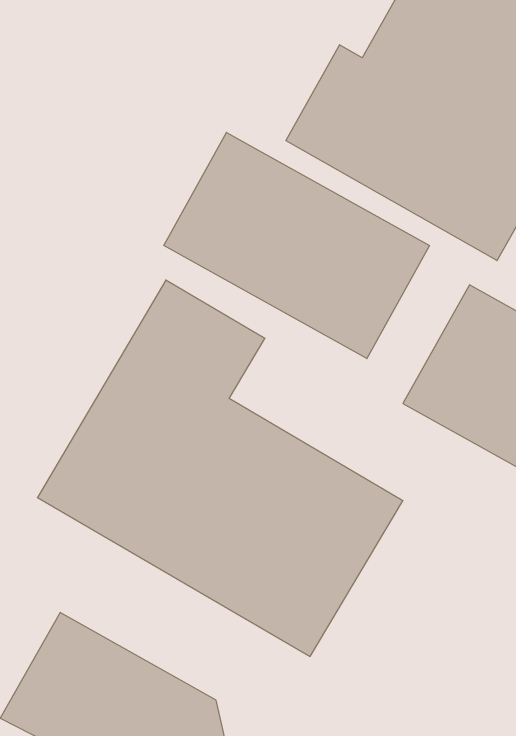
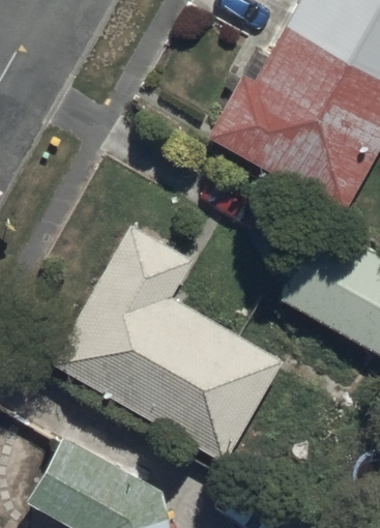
building: [164,132,429,359] -> none

